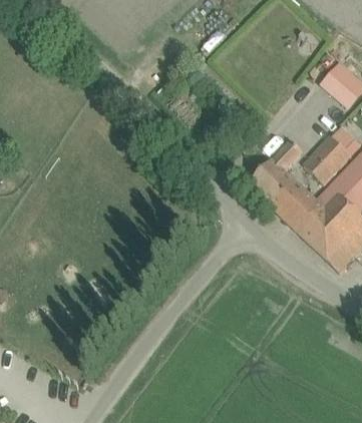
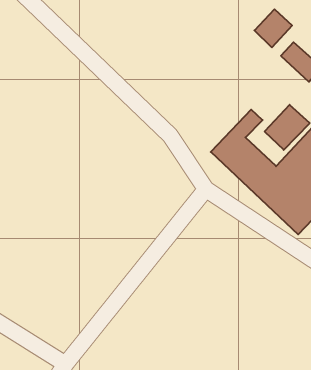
building: none -> [254,9,292,47]

